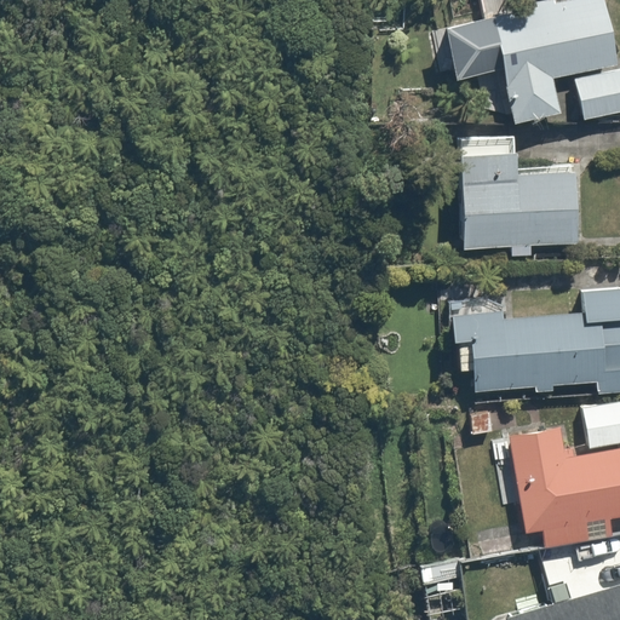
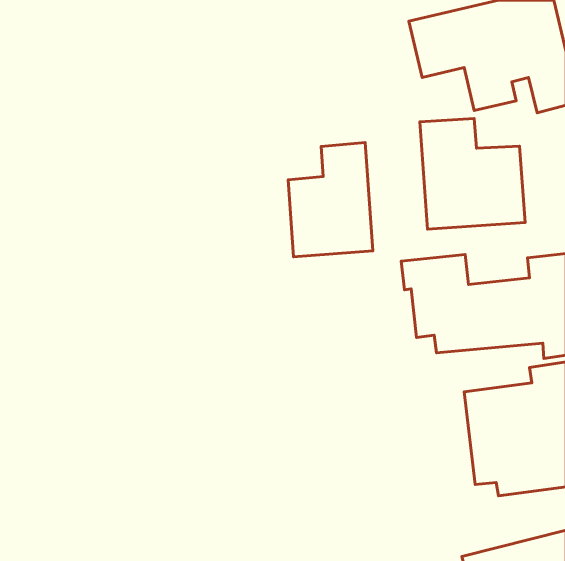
building: none -> [288,143,373,257]

